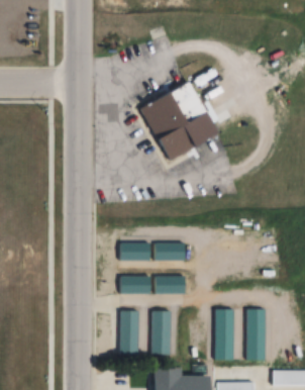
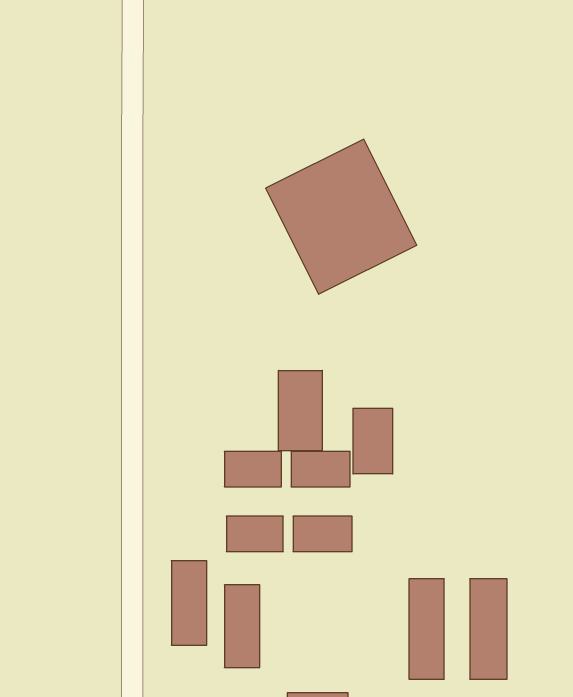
building: none -> [279,370,322,451]
building: none -> [353,408,393,474]
building: [152,311,171,355] -> [171,561,207,645]

